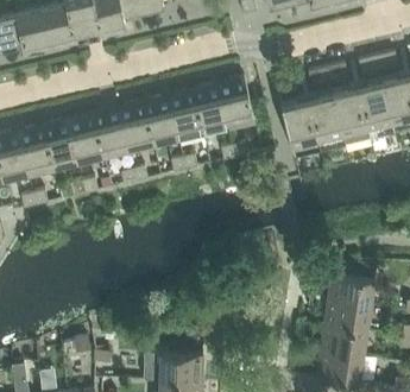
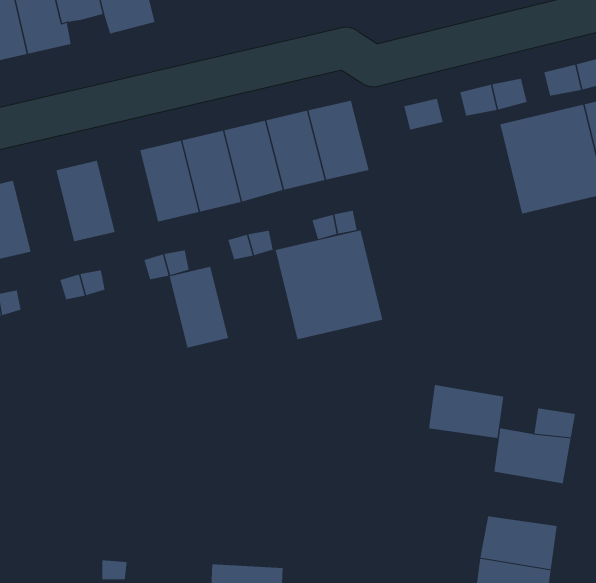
building: [280,91,345,157] -> [275,230,383,340]
building: [93,107,128,156] -> [169,266,229,348]
building: [43,119,78,167] -> none
building: [324,298,370,330] -> [428,384,504,438]

